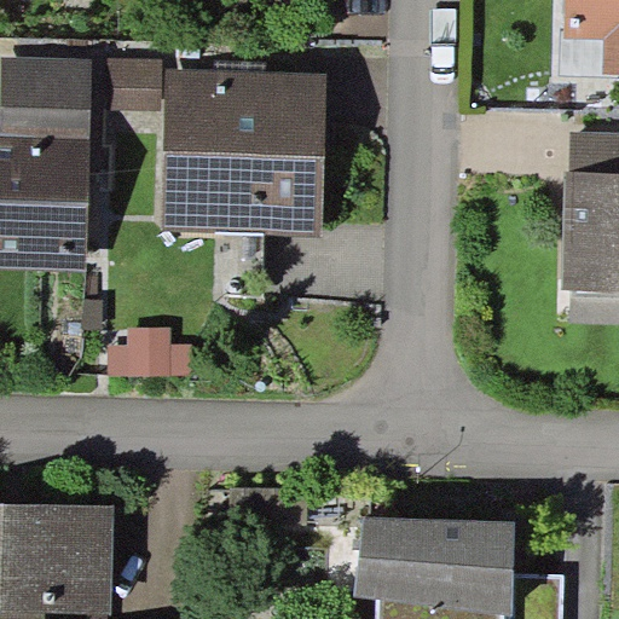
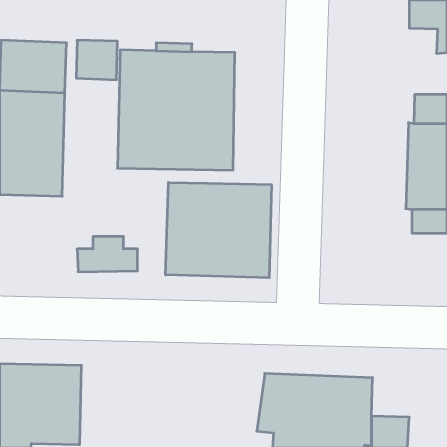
building: none -> [166,182,271,278]

